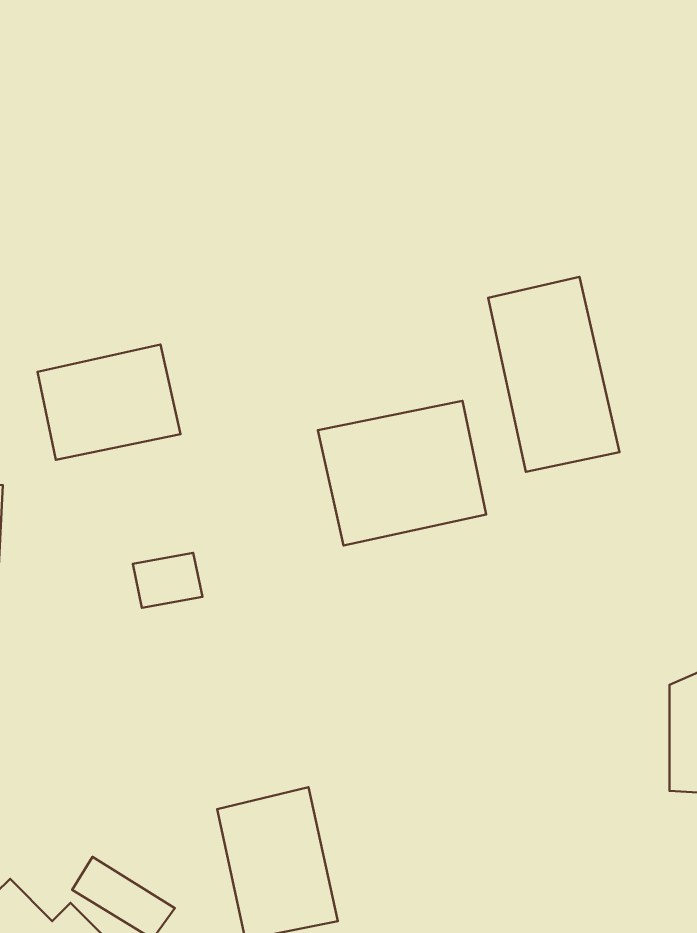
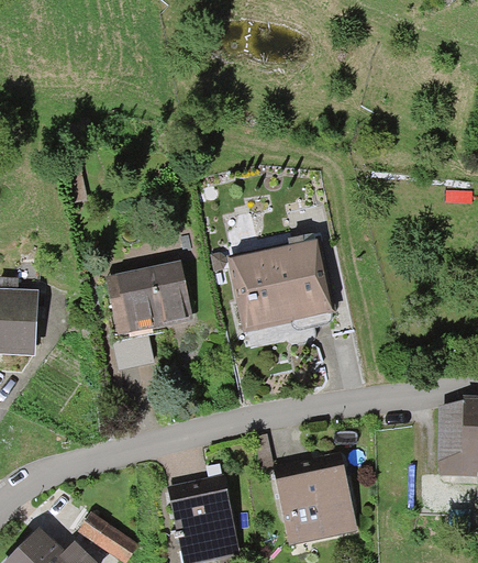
building: [488,277,619,472] -> none
building: [38,344,180,460] -> [108,260,193,329]
building: none -> [274,456,358,548]

